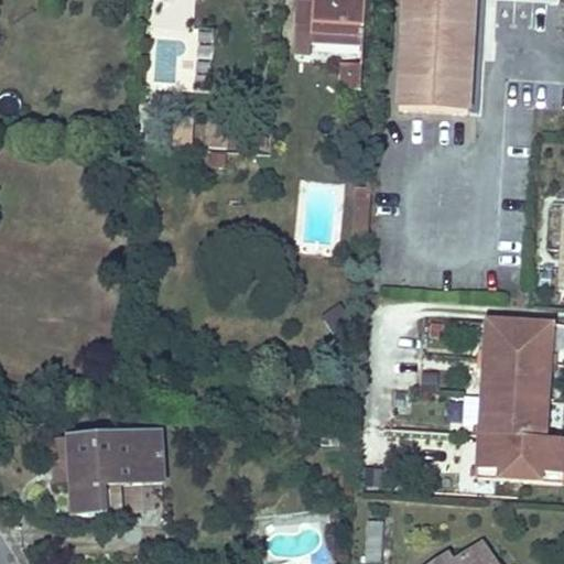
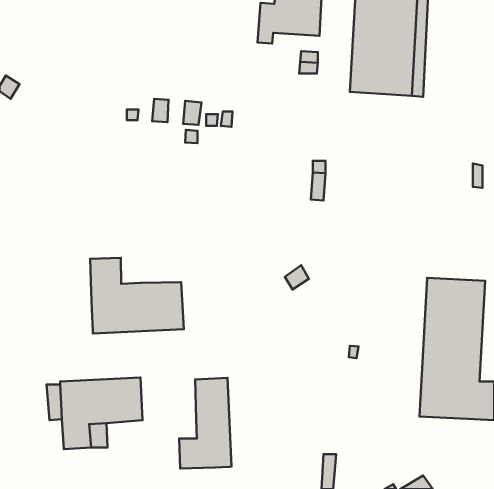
building: none -> [90,258,184,334]
building: none -> [179,378,232,468]

